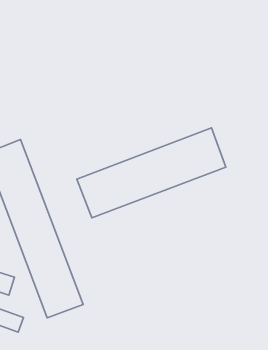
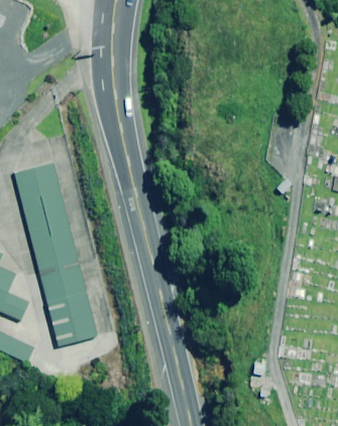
building: [77,128,226,218] -> none

